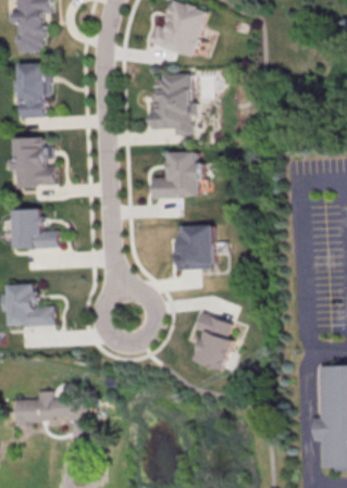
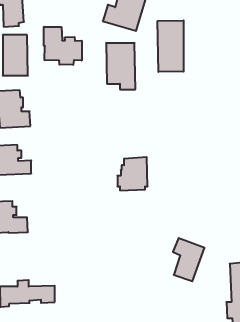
building: none -> [158,20,184,72]
building: none -> [44,27,82,65]
building: [151,151,201,198] -> none
building: [196,311,238,368] -> [173,238,205,281]

